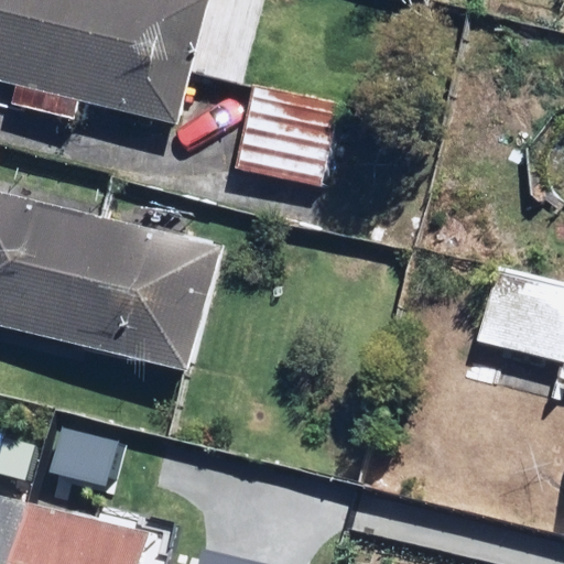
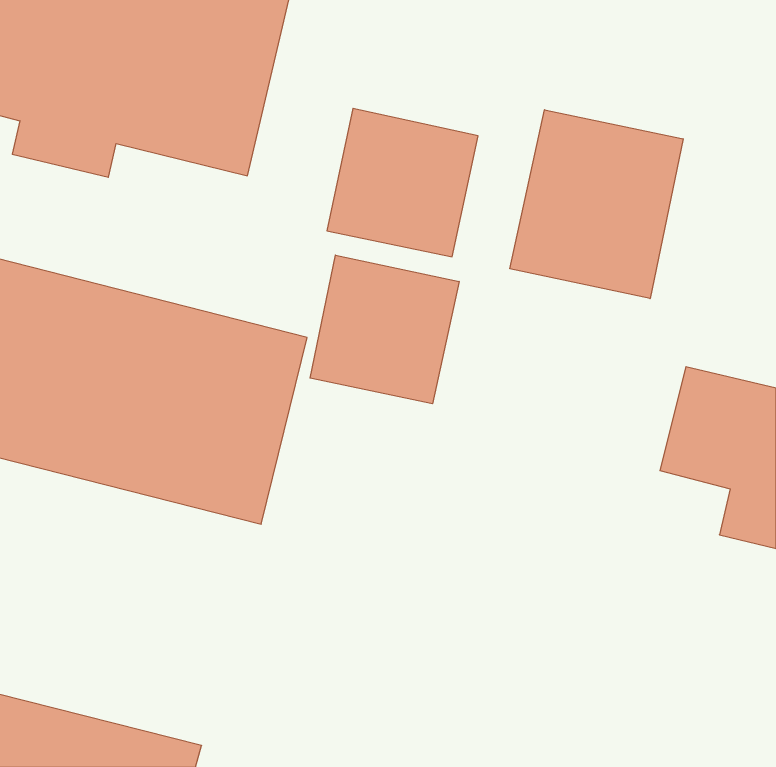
building: none -> [510,110,683,299]
building: none -> [310,255,459,404]

